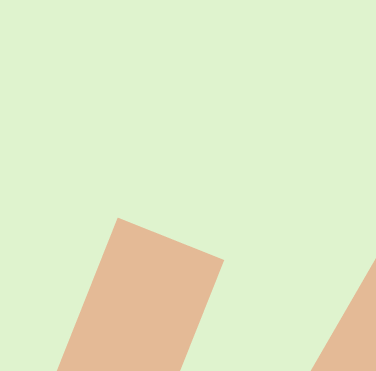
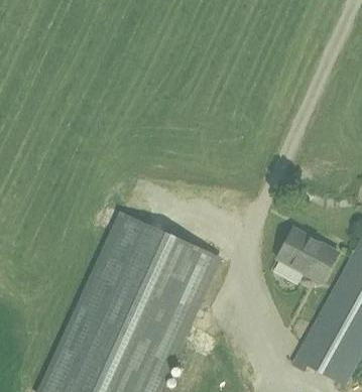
building: none -> [276,228,338,282]

